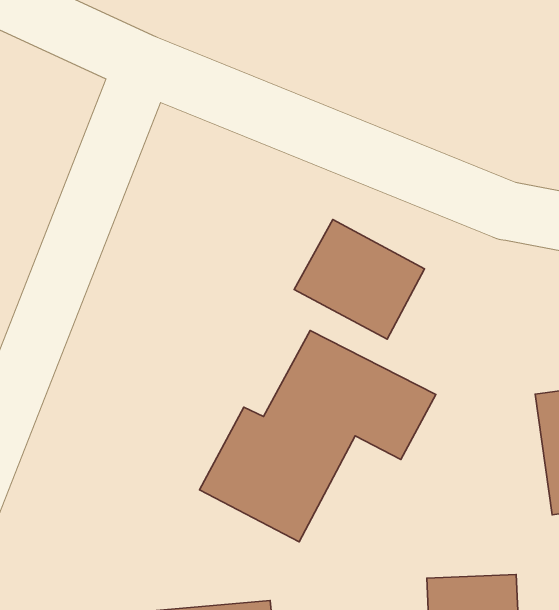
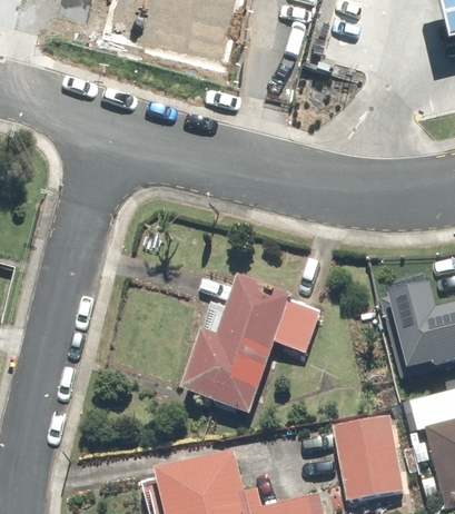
building: [294,220,425,339] -> none

